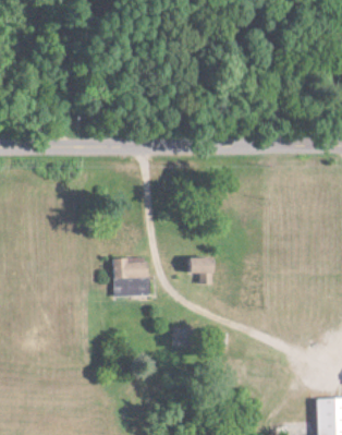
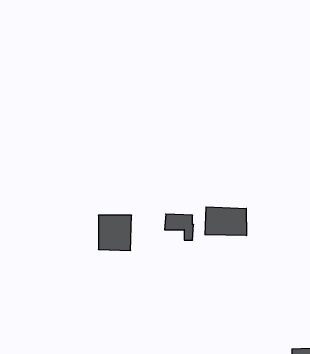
building: none -> [205,207,246,236]

